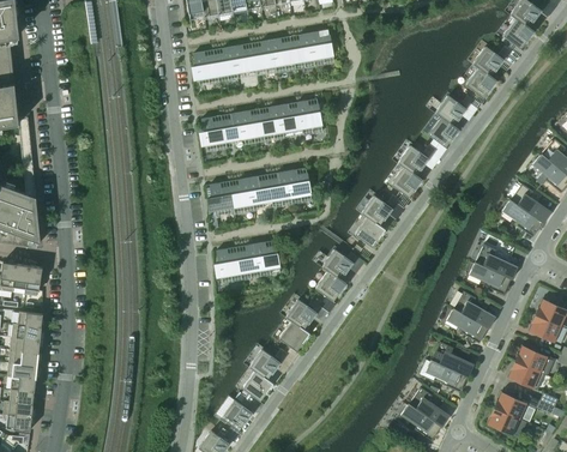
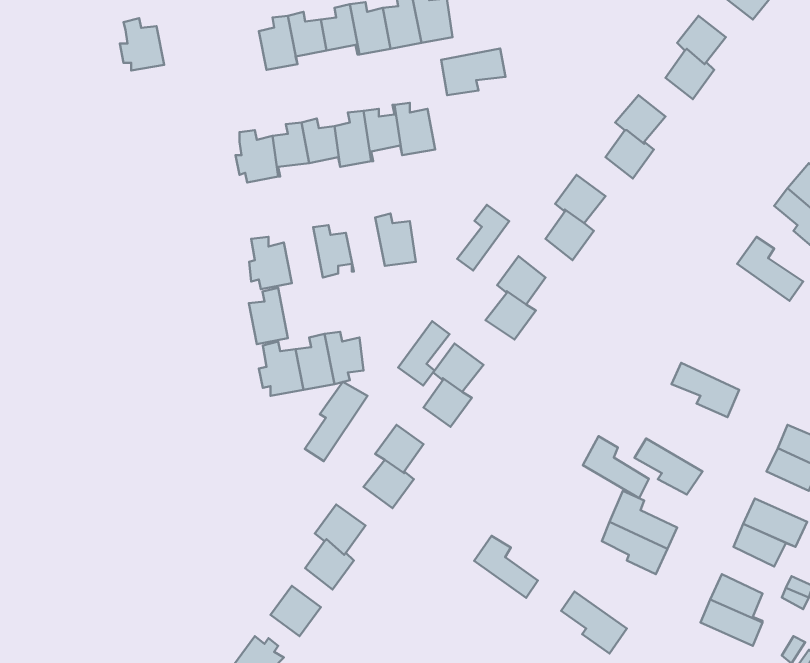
building: [191,52,218,84] -> [120,18,164,71]
building: none -> [441,49,505,95]
building: none -> [457,205,509,270]
building: [267,171,291,205] -> none
building: [229,177,253,212] -> [249,288,288,344]
building: [502,200,542,237] -> none
building: none -> [398,321,450,385]
building: [475,243,517,278] -> none
building: none -> [305,382,367,461]
building: [453,290,494,329] -> [583,436,649,498]
building: [409,387,448,426] -> [474,536,538,598]

